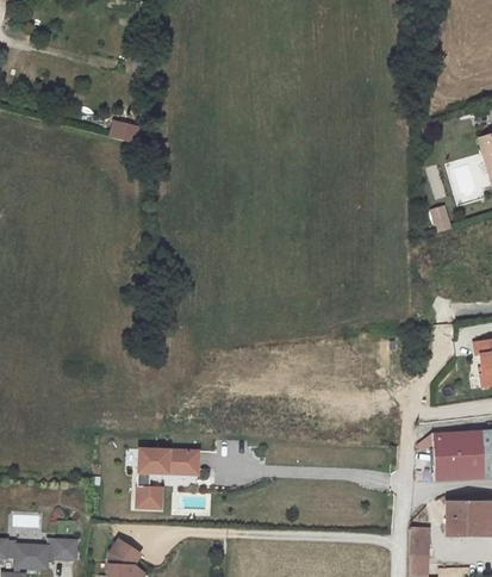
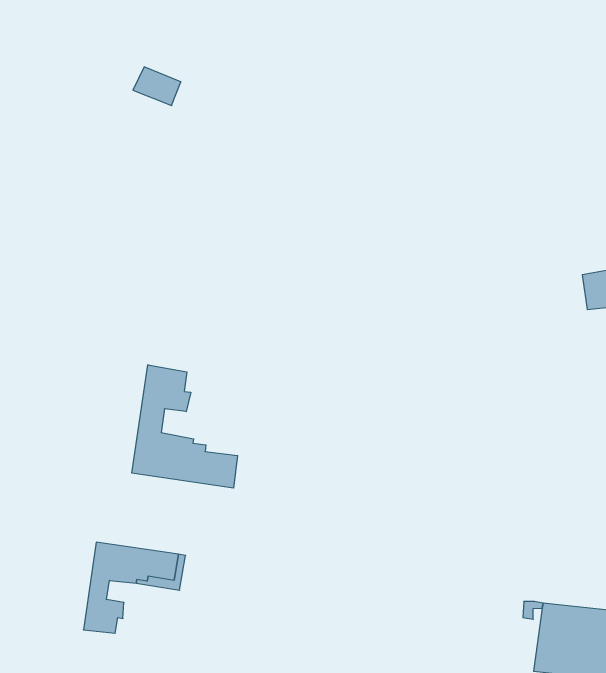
building: none -> [132,365,238,488]

